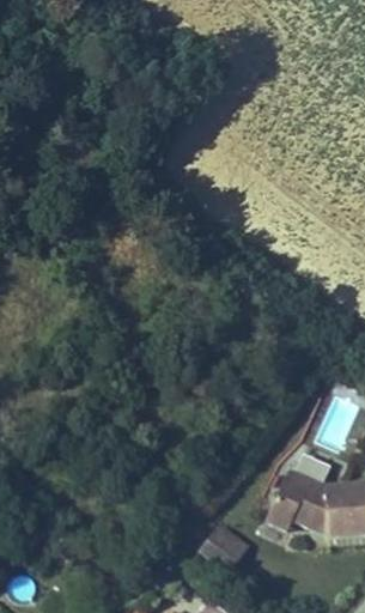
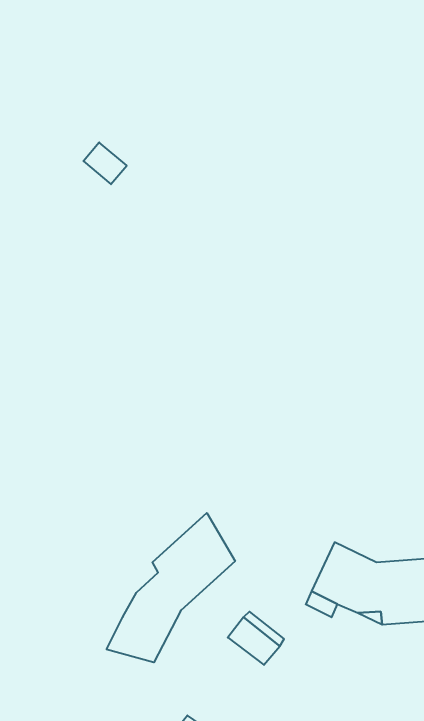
building: none -> [107,513,235,662]

